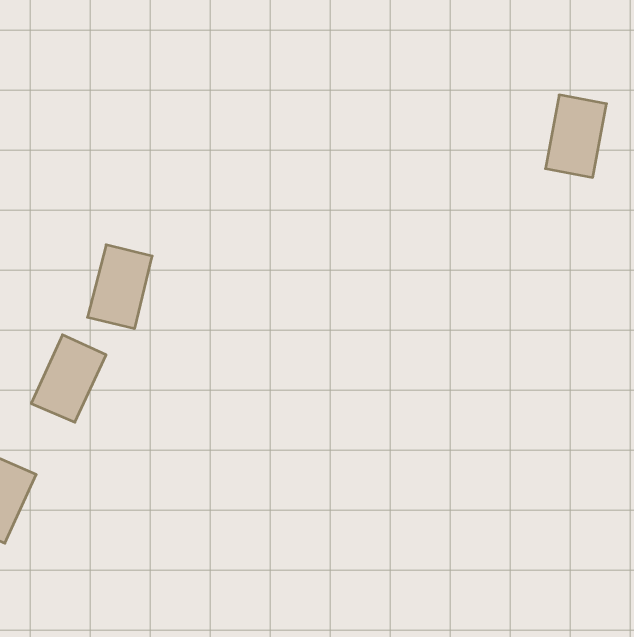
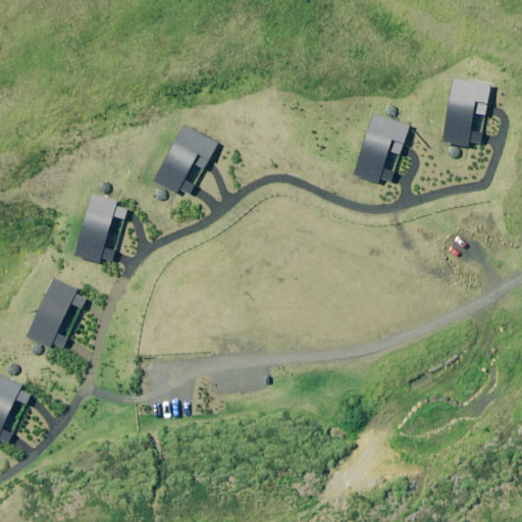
building: none -> [354,117,407,186]
building: none -> [150,123,214,196]

